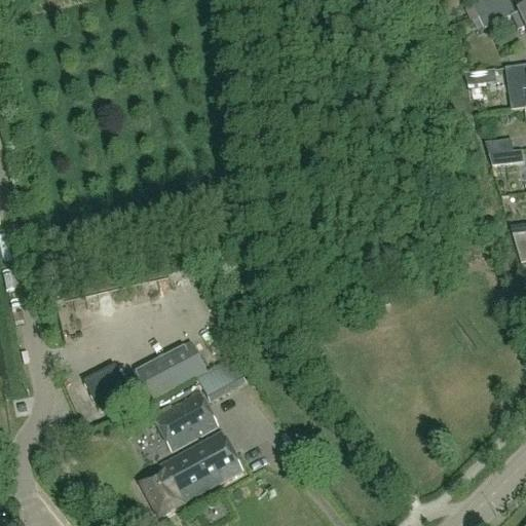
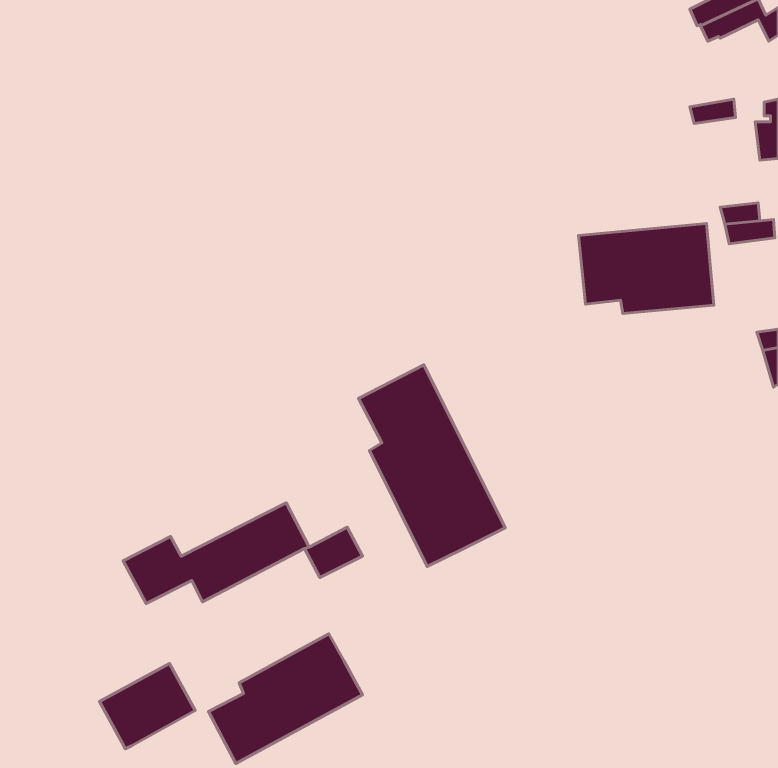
building: none -> [579,224,714,314]
building: none -> [359,365,505,566]
building: [154,390,219,448] -> [99,663,195,749]

